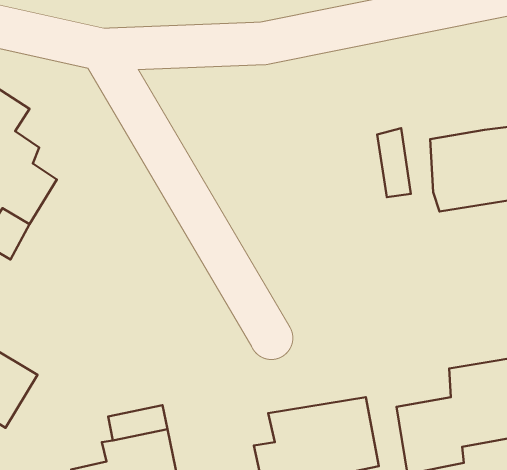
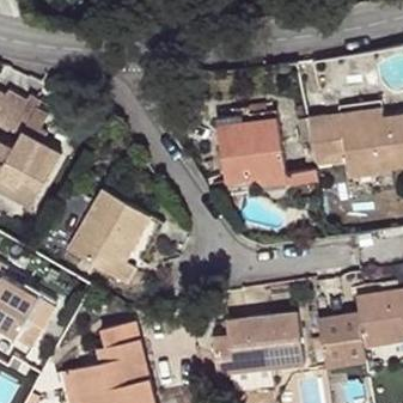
building: none -> [317,94,381,164]
building: none -> [214,117,281,190]
building: none -> [68,183,153,280]

